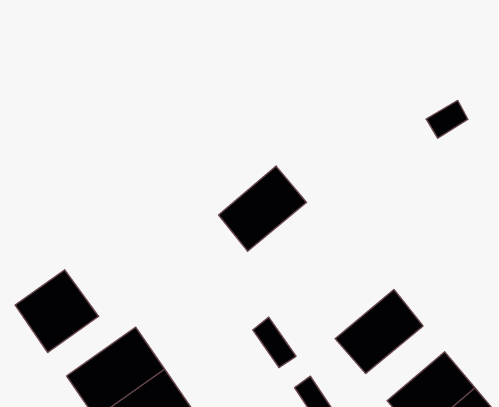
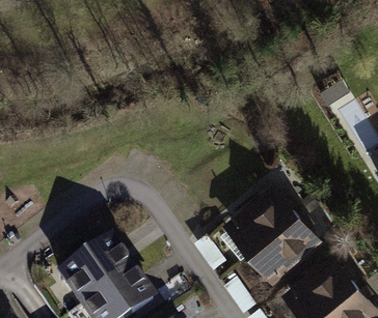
building: [219,166,307,251] -> [232,186,295,248]
building: [15,270,99,353] -> none

